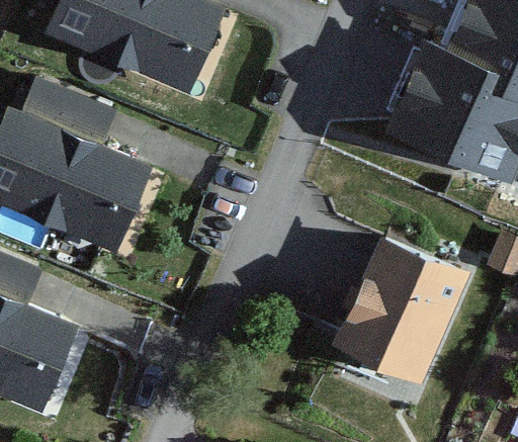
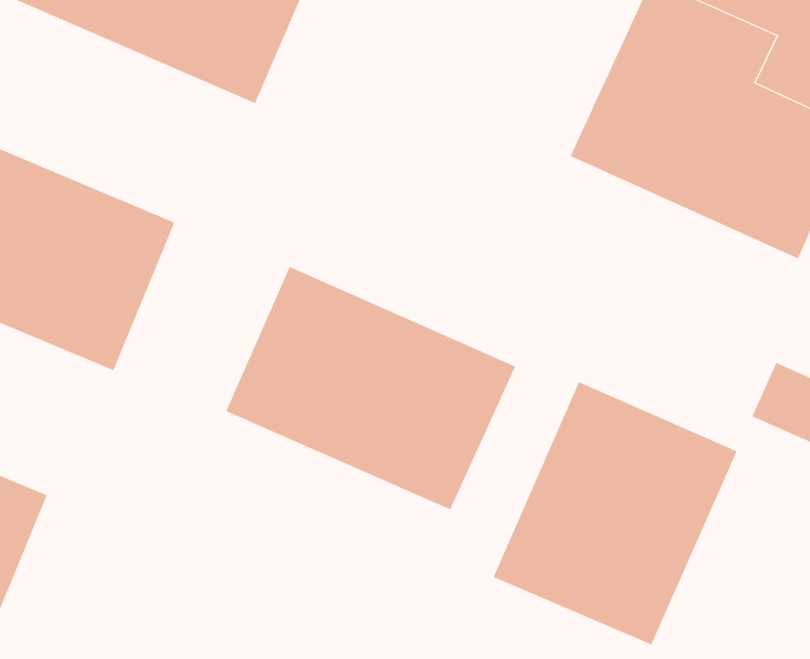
building: none -> [226,266,516,510]

